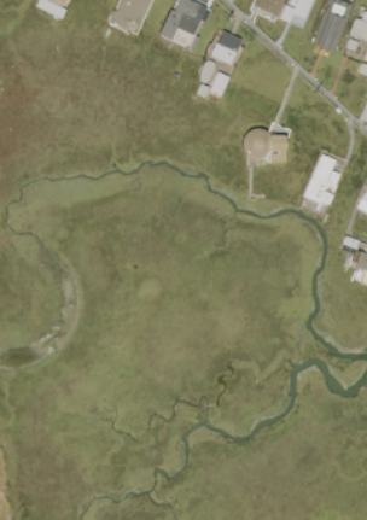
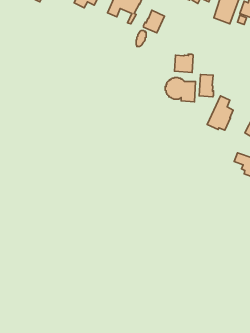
building: none -> [175,54,193,72]
building: none -> [199,75,214,97]

